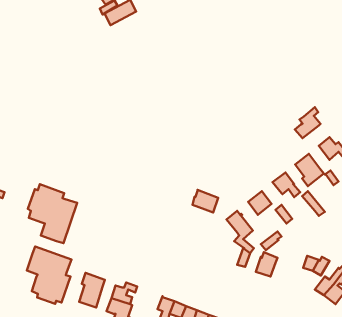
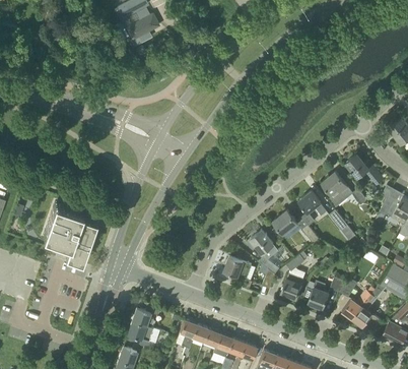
building: [295,107,320,138] -> none
building: [192,190,218,213] -> [224,257,251,281]
building: [27,247,71,304] -> none
building: none -> [302,282,329,309]
building: [79,273,105,308] -> none

